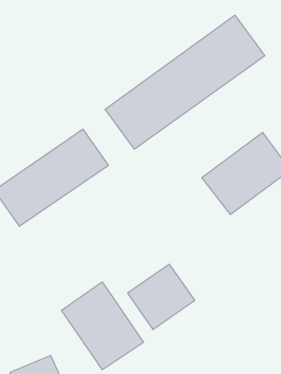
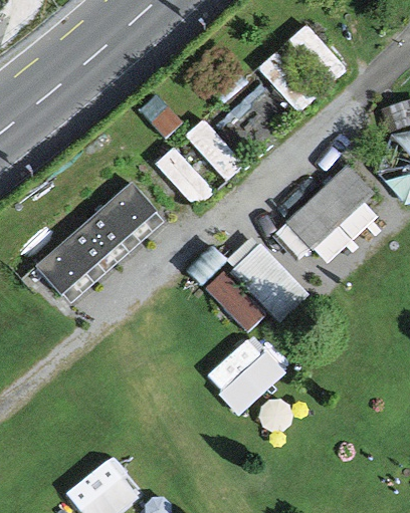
building: none -> [202,239,303,340]
building: [62,282,144,370] -> none

